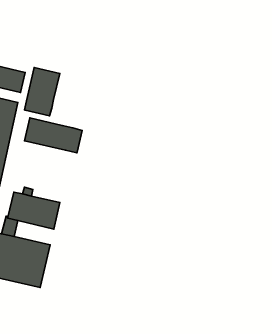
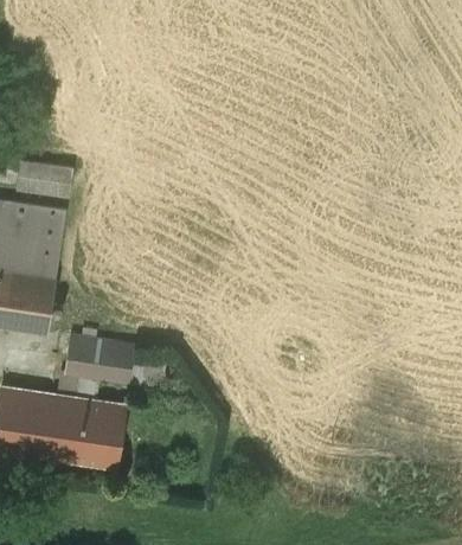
building: [24,67,60,116] -> none
building: [24,118,82,153] -> none

